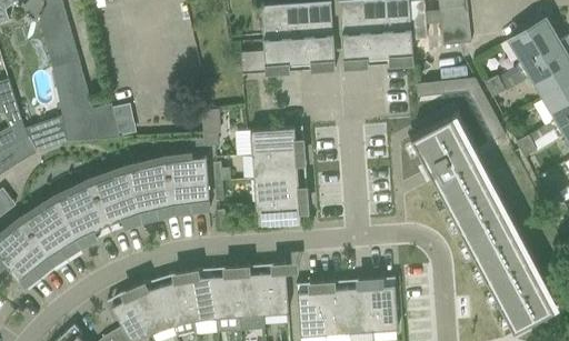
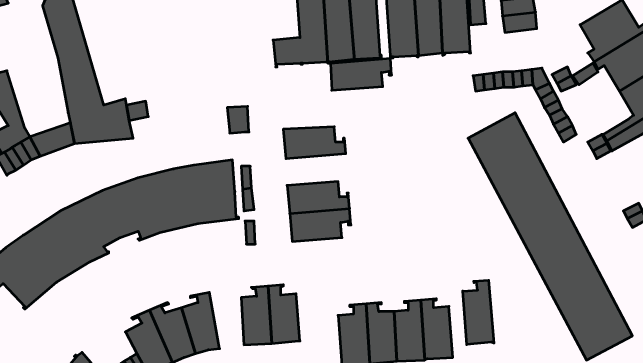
building: [252,150,306,178] -> [331,58,392,90]
building: none -> [463,280,494,345]
building: [261,262,289,313] -> none
building: [186,268,216,320] -> none

